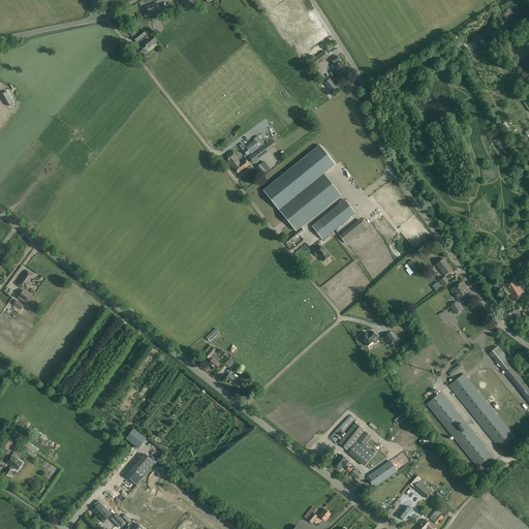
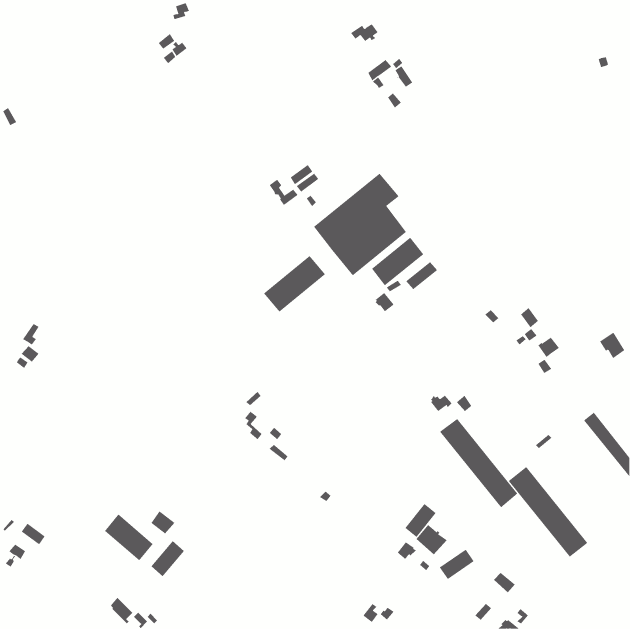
building: none -> [263,255,326,312]
building: [448,373,515,448] -> [439,418,518,508]
building: none -> [104,514,154,561]

